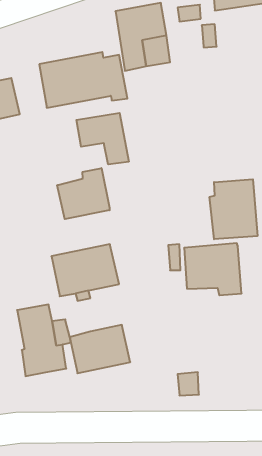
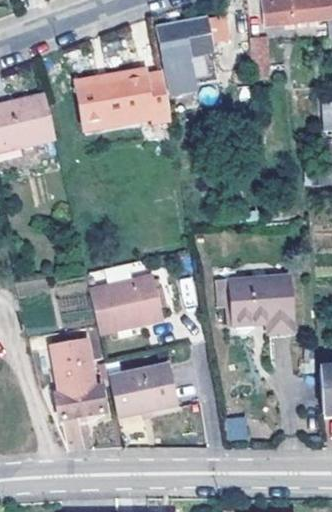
building: [76,113,129,164] -> none
building: [57,168,110,219] -> none
building: [210,179,257,239] -> none

